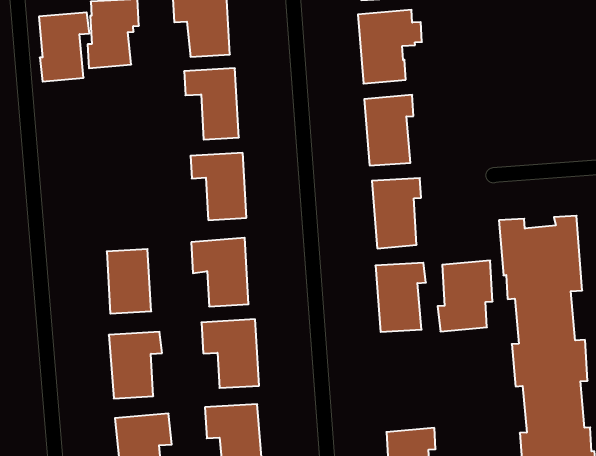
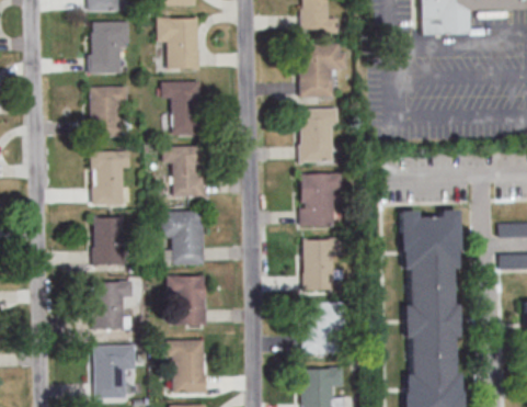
building: [39,12,89,82] -> [88,87,127,138]
building: none -> [90,151,129,204]
building: [438,261,493,331] -> [300,301,343,353]

